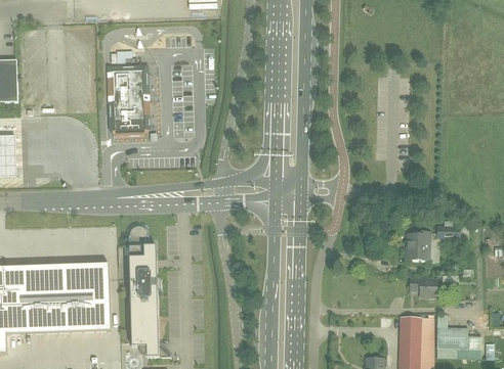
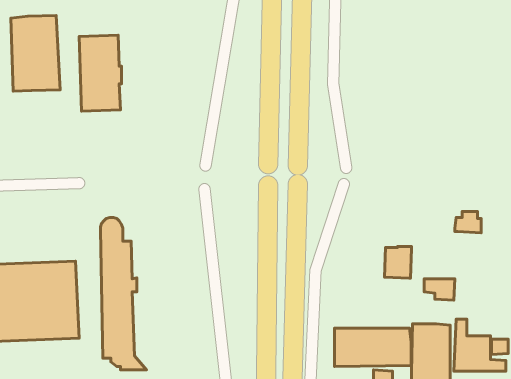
building: none -> [11,15,60,91]
building: [406,232,429,260] -> [384,246,412,278]
building: none -> [334,328,411,366]

